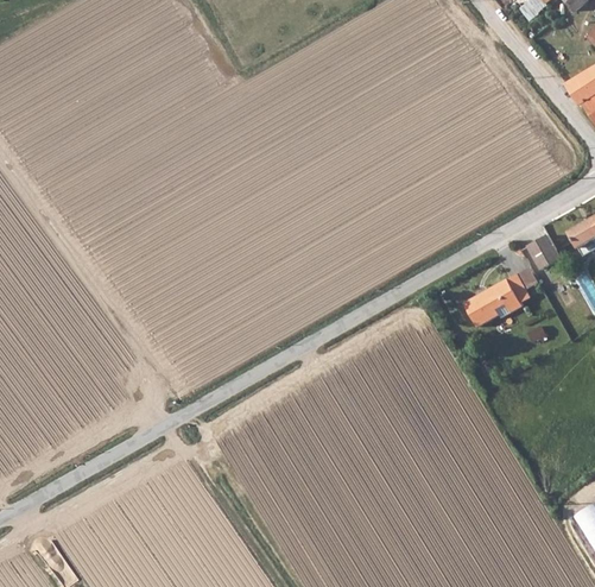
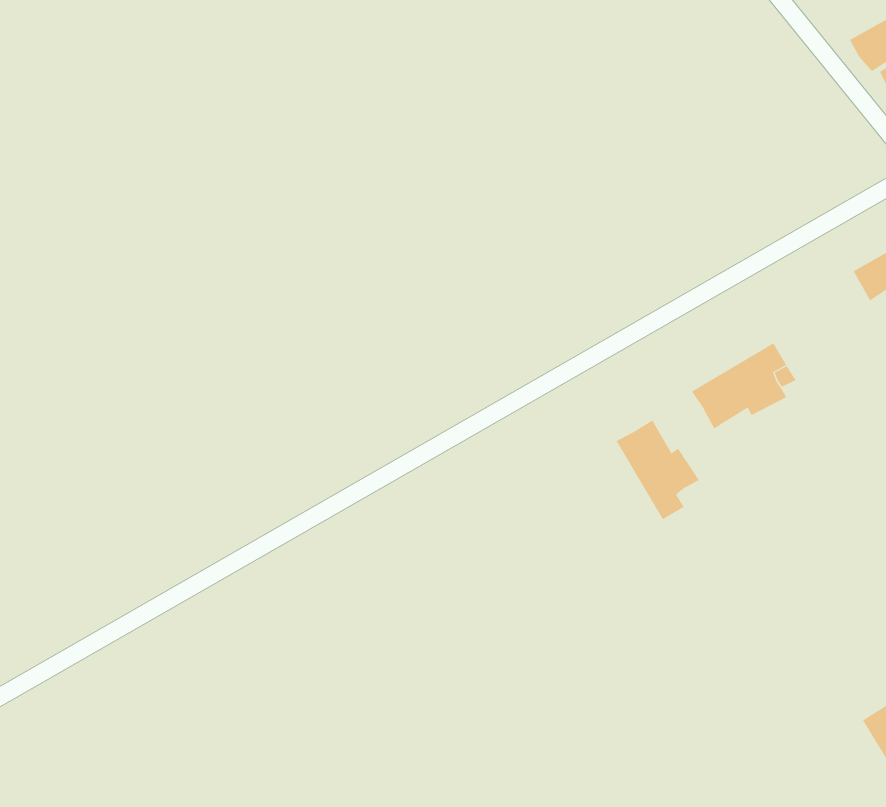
building: [530,235,561,267] -> none
building: none -> [616,419,700,520]

